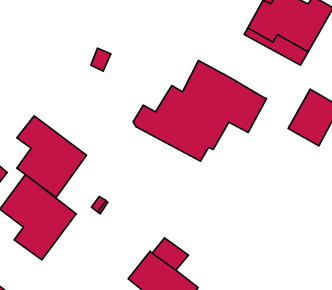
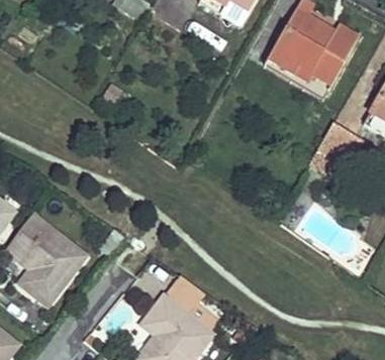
building: [133,61,266,161] -> none
building: [17,116,86,197] -> none

